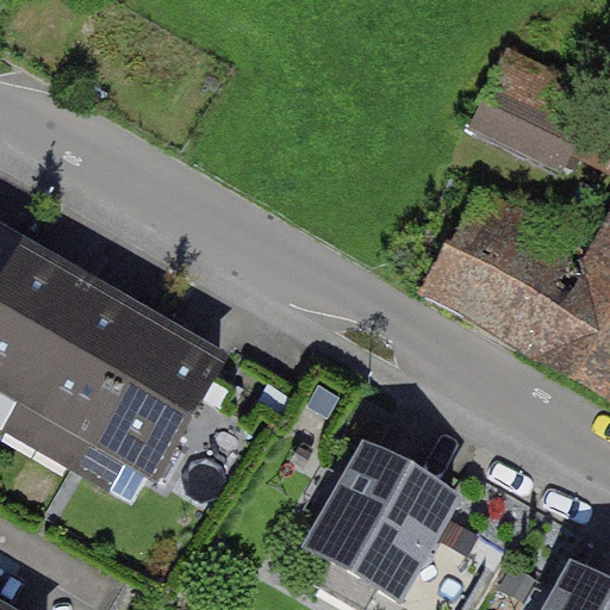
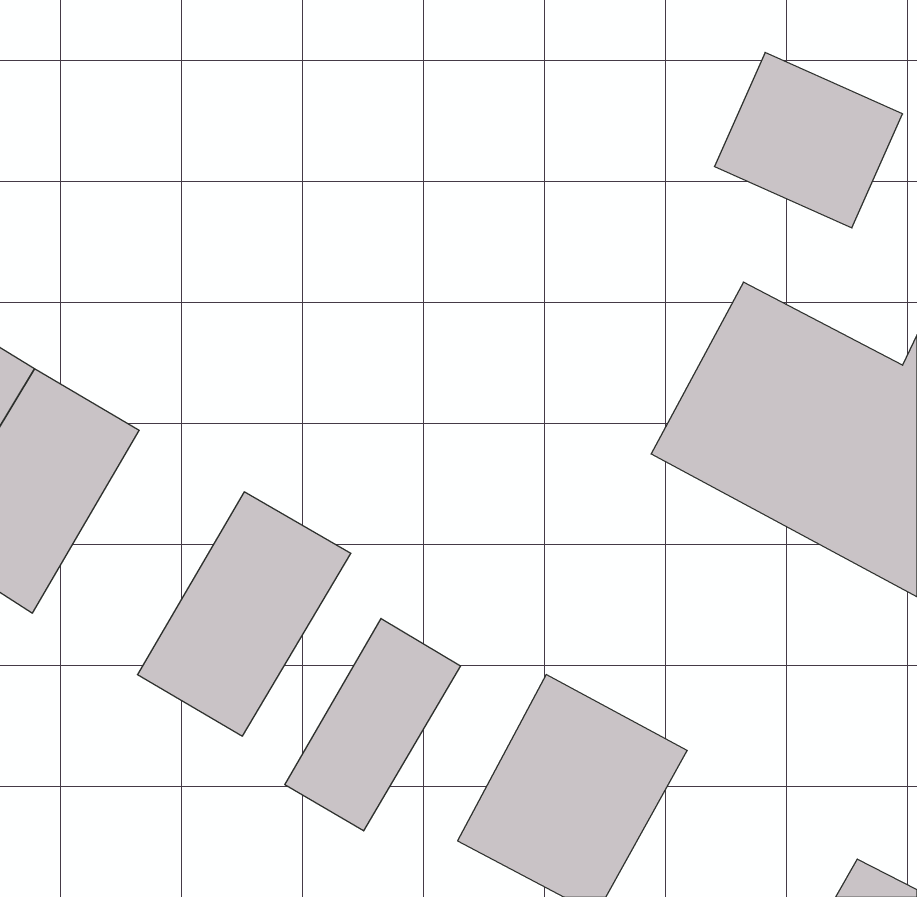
building: [21,284,161,444] -> none
building: none -> [285,618,461,831]

